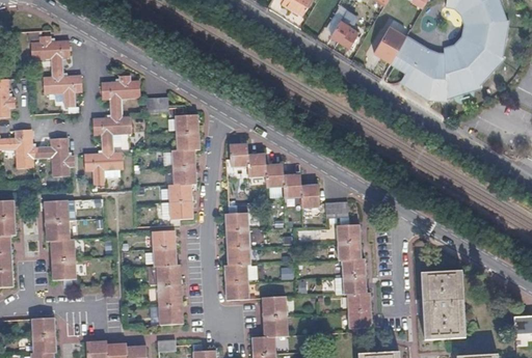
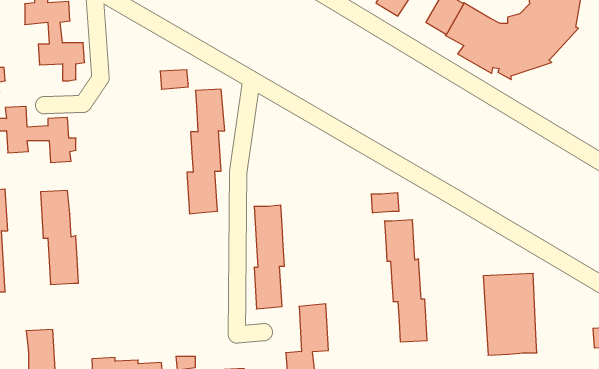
building: [83,74,139,184] -> none
building: [228,143,319,208] -> none
building: [151,229,182,324] -> none

